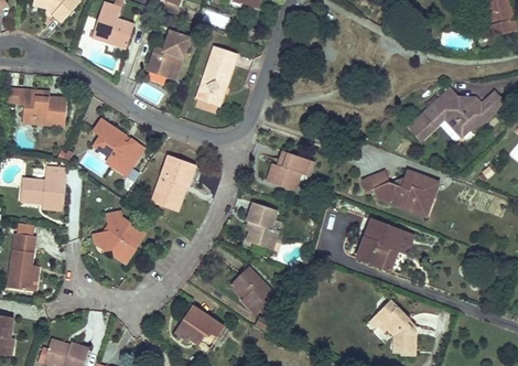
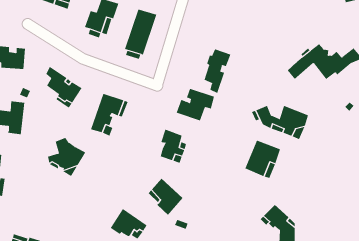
building: none -> [204,48,231,94]

